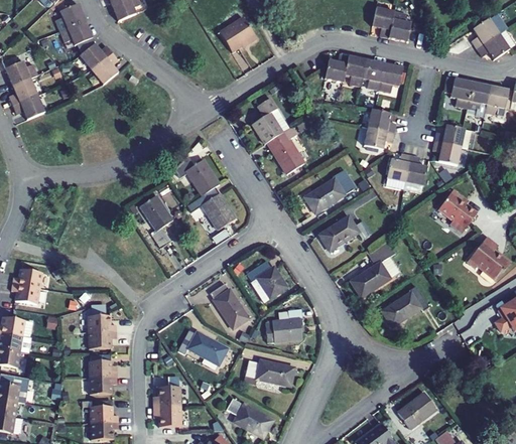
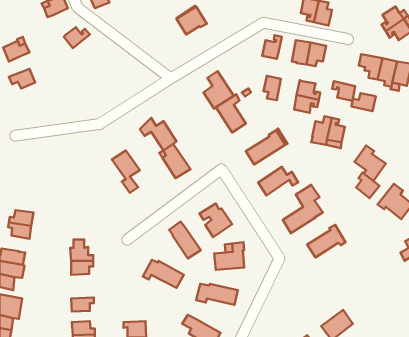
building: [59,20,95,53] -> none
building: [91,52,118,84] -> none
building: [345,55,366,86] -> [264,76,281,100]
building: [9,78,37,105] -> none
building: [432,141,461,165] -> [332,81,355,101]
building: none -> [356,172,380,198]
building: [89,360,117,378] -> none
building: [152,386,180,407] -> none

